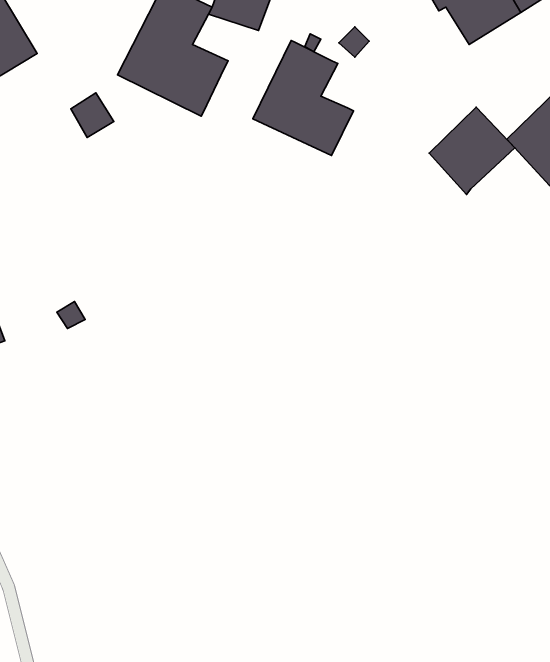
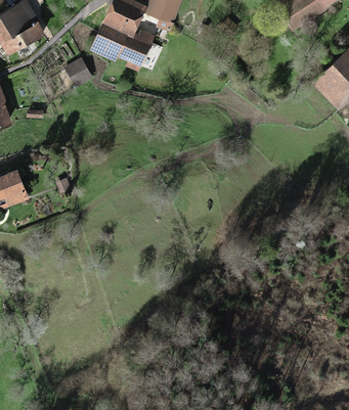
building: [253,41,354,156] -> none
building: [429,107,515,194] -> none

